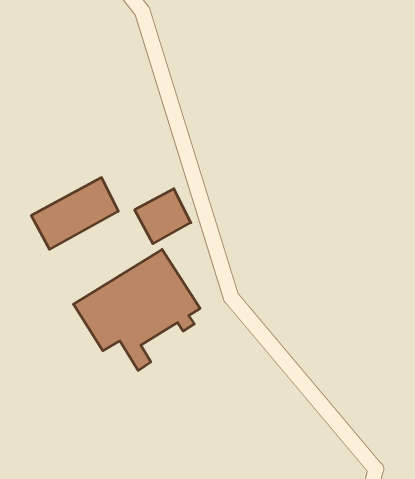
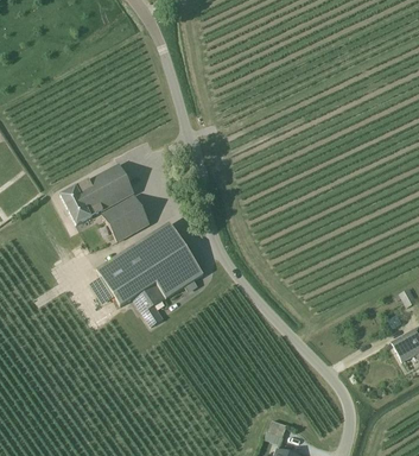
building: [135,189,191,244] -> [101,194,148,240]

